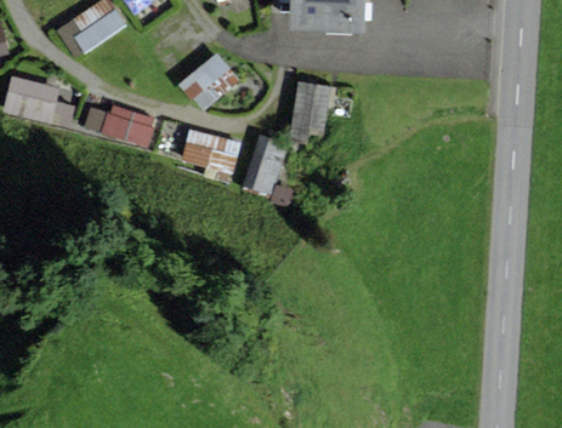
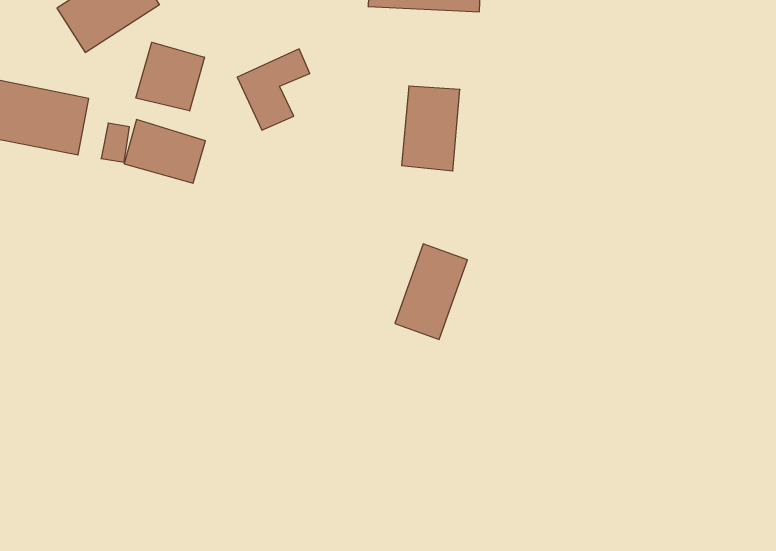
building: none -> [136,42,204,111]
building: [182,132,242,173] -> none
building: [242,133,291,199] -> [395,244,467,339]

